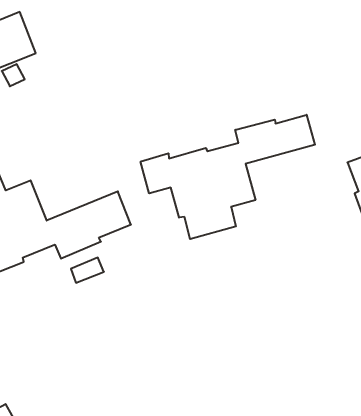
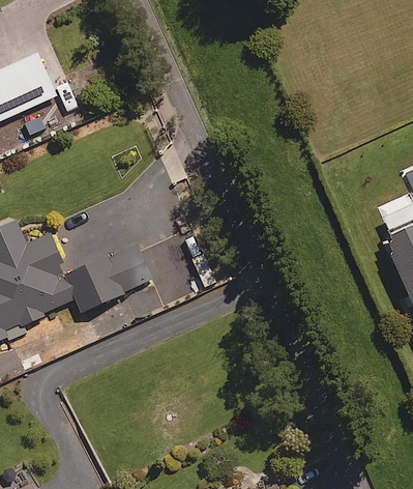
building: [141,115,315,239] -> none

